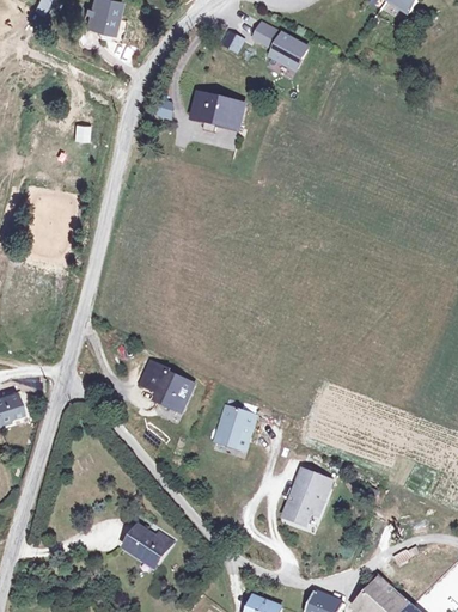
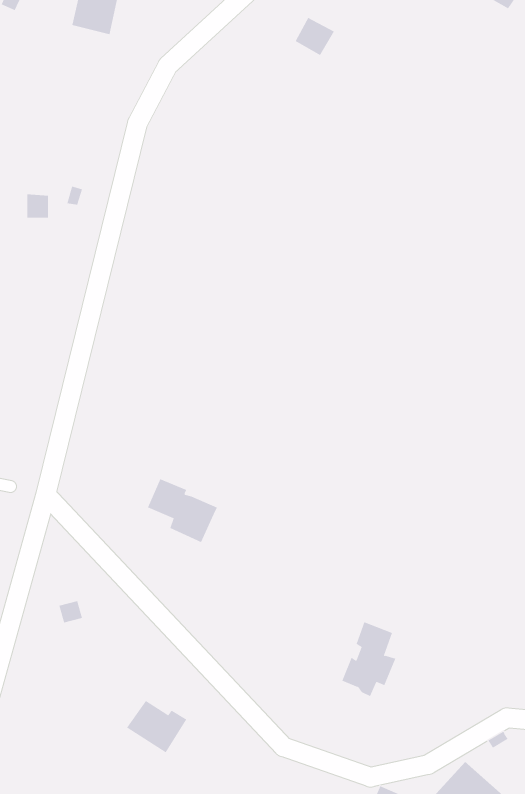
building: [267,31,309,72] -> none
building: [195,96,244,128] -> none
building: [215,408,257,448] -> none

